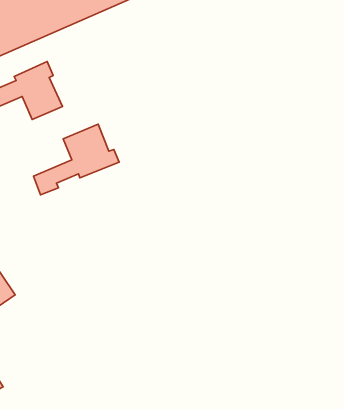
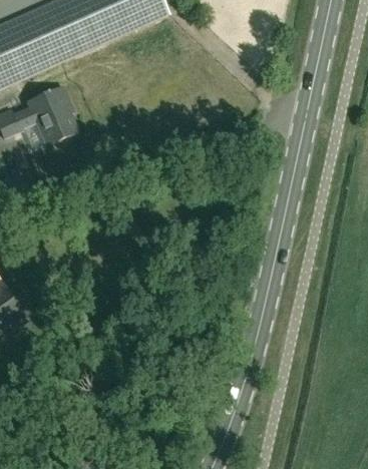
building: [33,124,119,195] -> none

